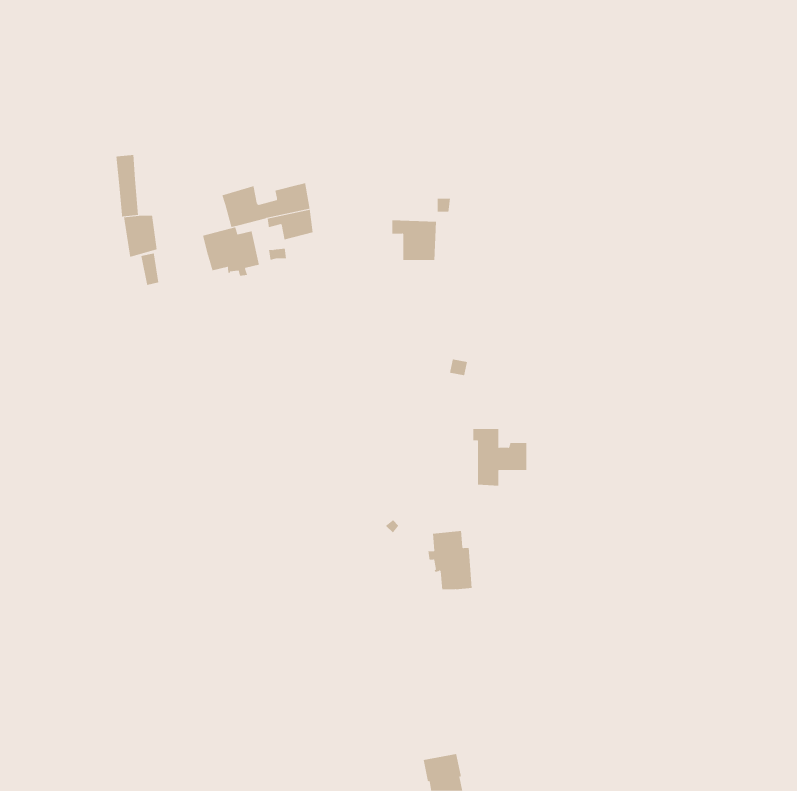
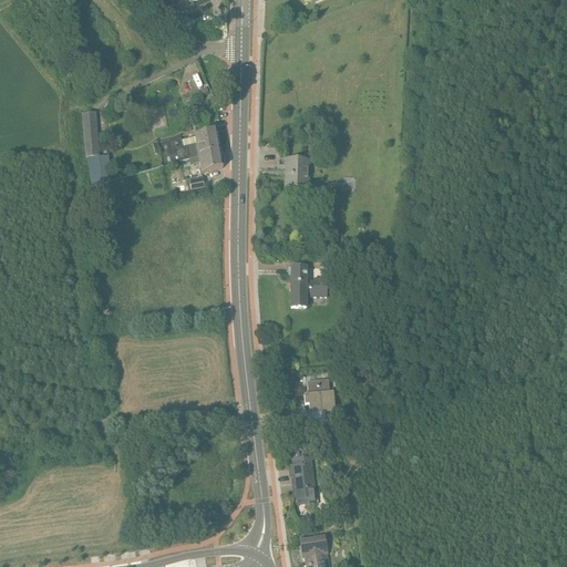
building: [203,227,260,277] -> none
building: [473,429,527,486] -> [288,265,327,306]
building: none -> [289,454,317,502]

